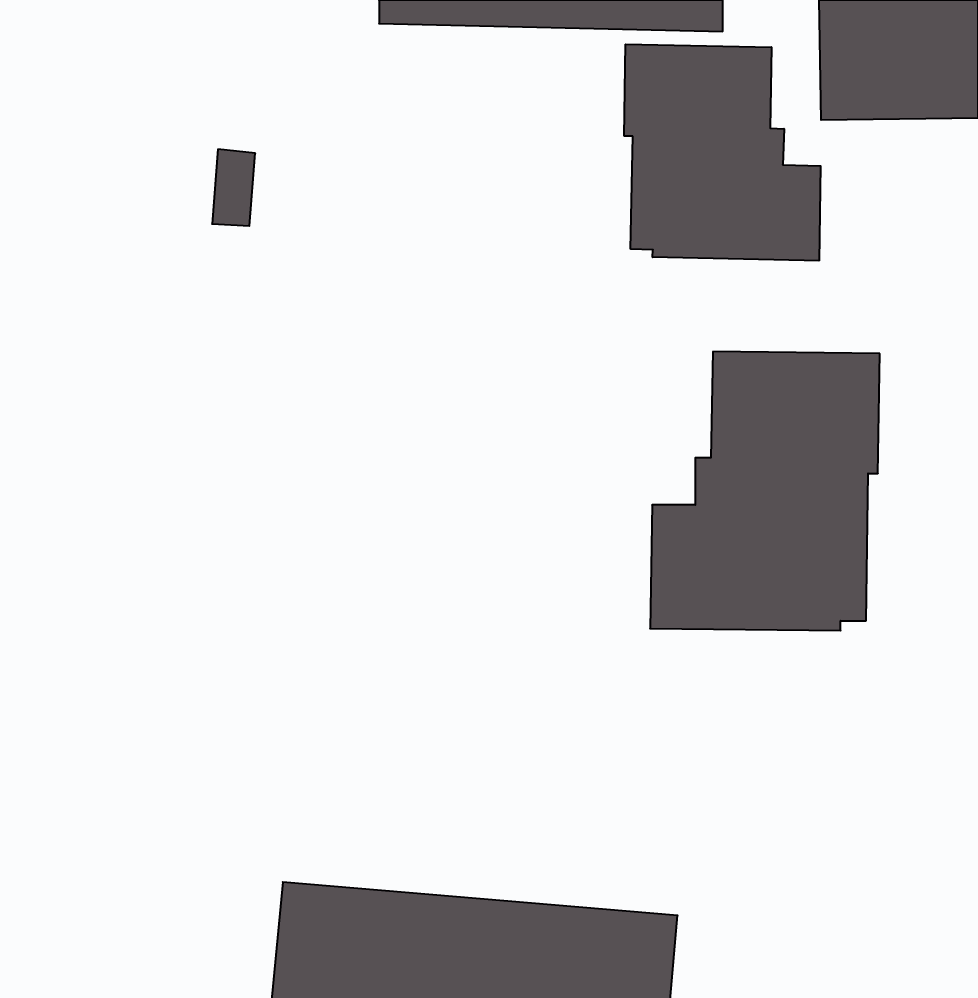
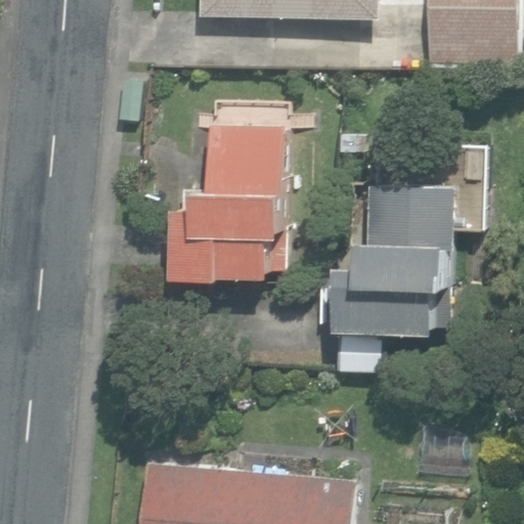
building: [624,44,821,261] -> none
building: none -> [169,105,282,276]

